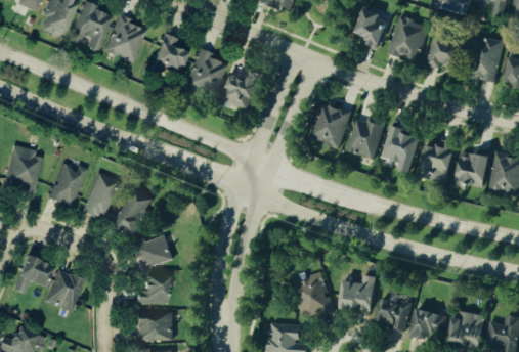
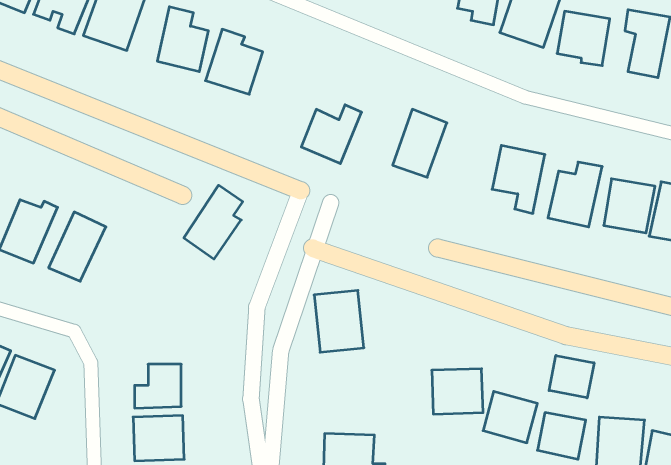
building: [222,70,263,109] -> [301,105,362,164]
building: [347,119,382,158] -> none
building: [111,187,150,237] -> [184,185,243,259]
building: [133,236,172,268] -> none
building: none -> [549,355,594,398]
building: [296,274,330,316] -> [314,290,364,352]

